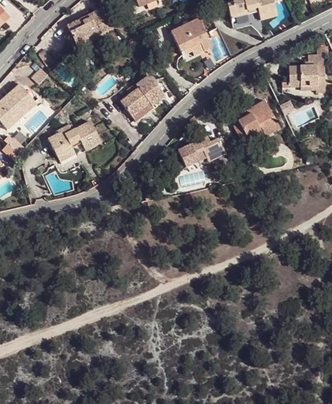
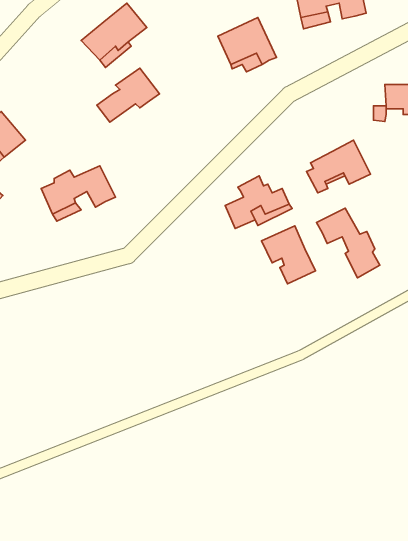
building: [122,78,166,116] -> [97,68,160,122]
building: none -> [317,208,380,278]
building: none -> [261,226,316,284]

